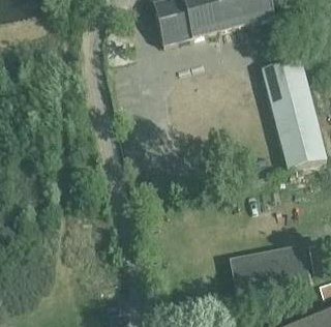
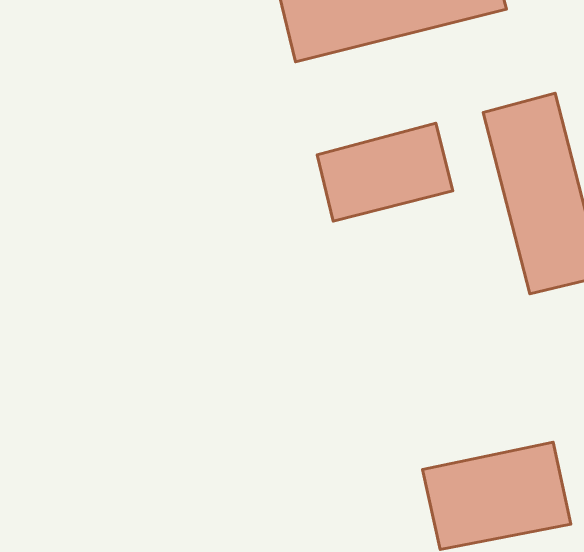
building: none -> [317,123,453,221]

